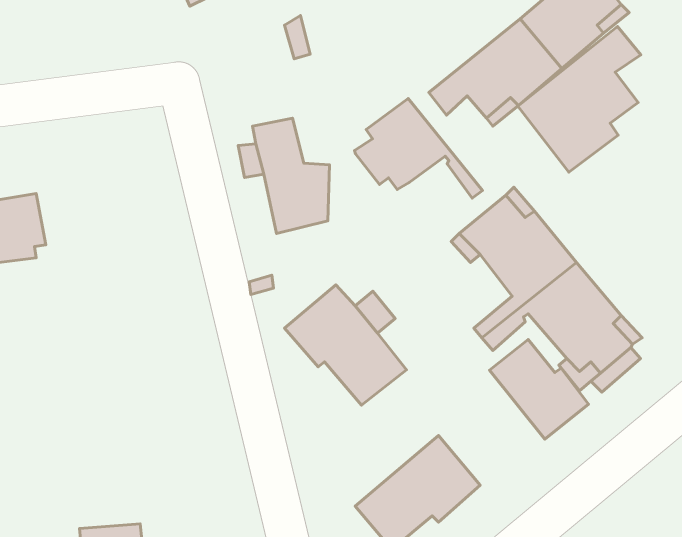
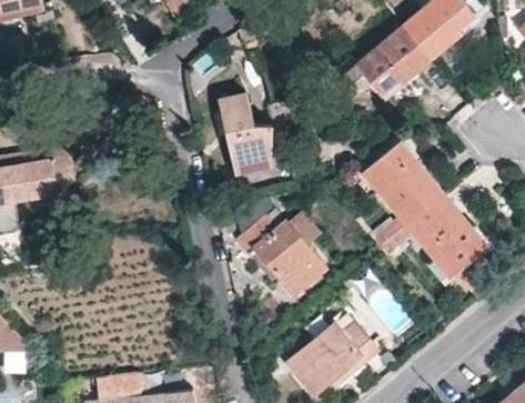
building: [518,27,641,172] -> none
building: [355,98,483,198] -> none
building: [490,340,589,439] -> none

